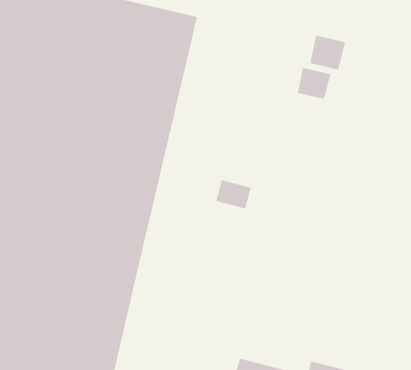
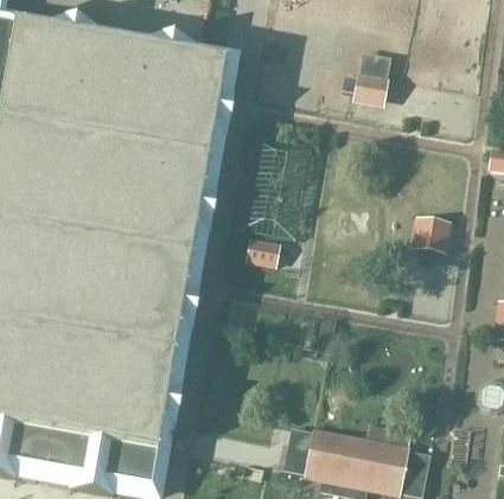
building: [297,67,331,100] -> none
building: none -> [410,213,453,251]

